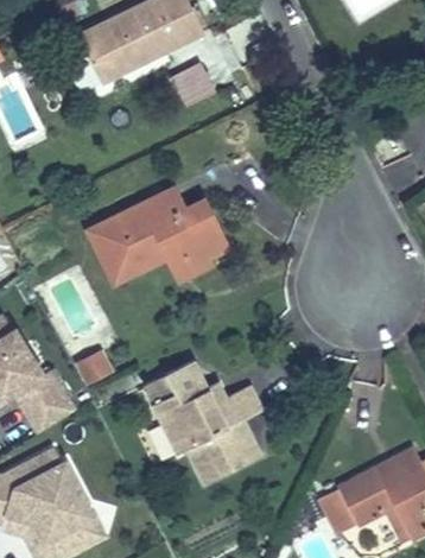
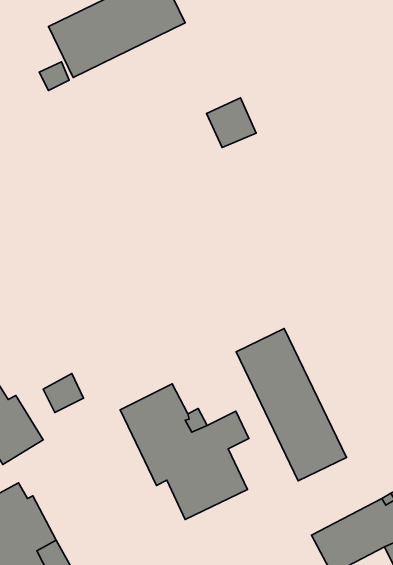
building: [171,61,216,106] -> [207,98,256,147]
building: [88,186,228,283] -> none
building: none -> [236,329,346,481]

